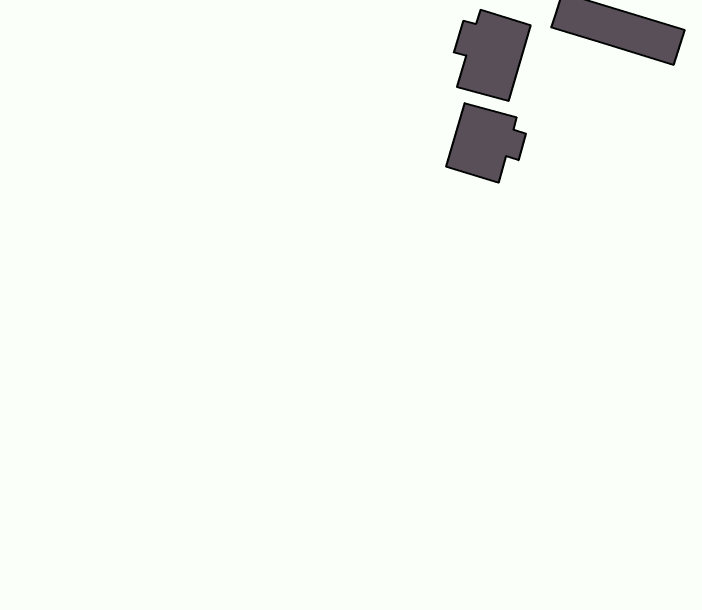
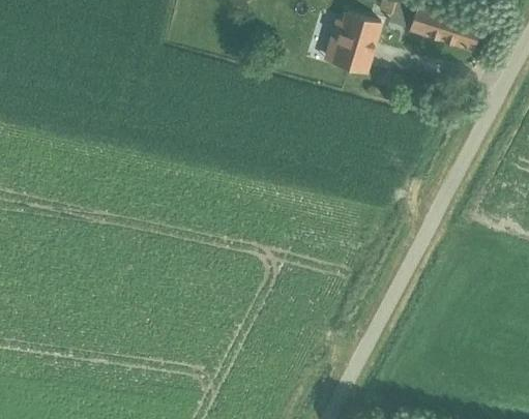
building: [446,103,526,183] -> none

